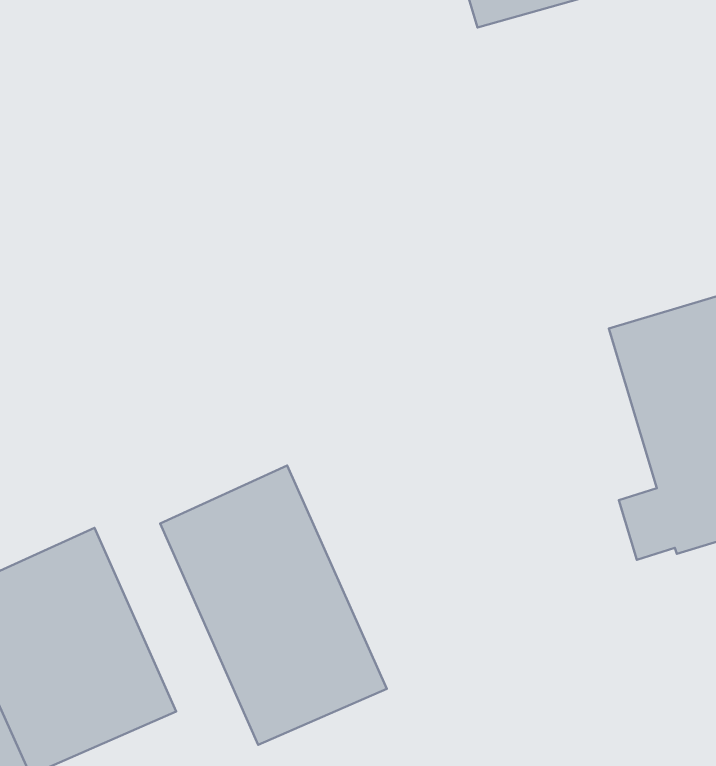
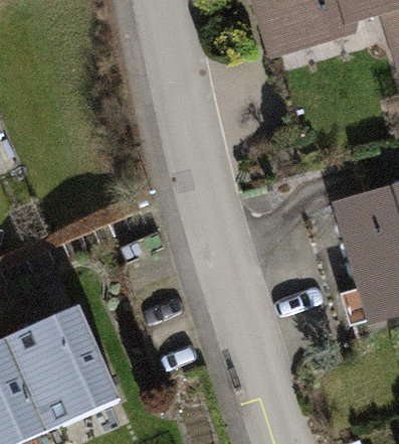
building: [160,465,387,745] -> none

